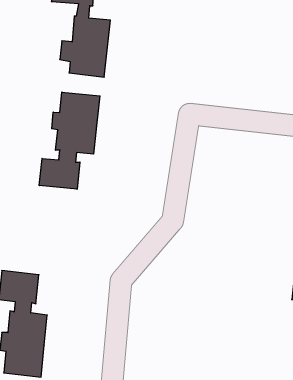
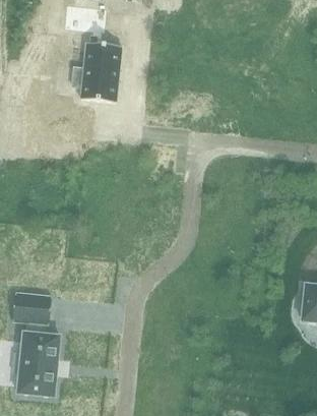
building: [39,92,100,189] -> none

